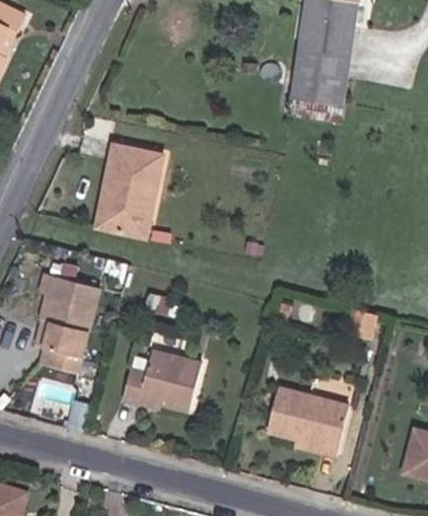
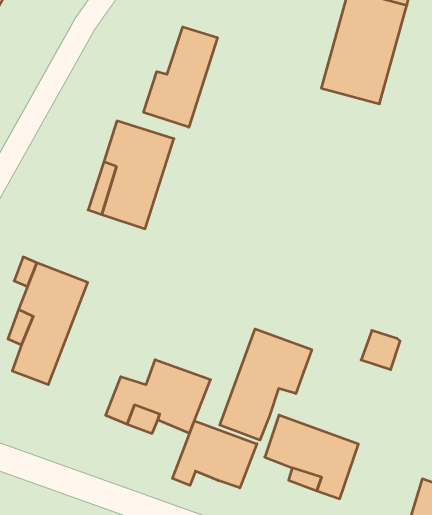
building: none -> [144,27,217,127]
building: none -> [220,329,312,440]
building: none -> [172,421,257,488]

